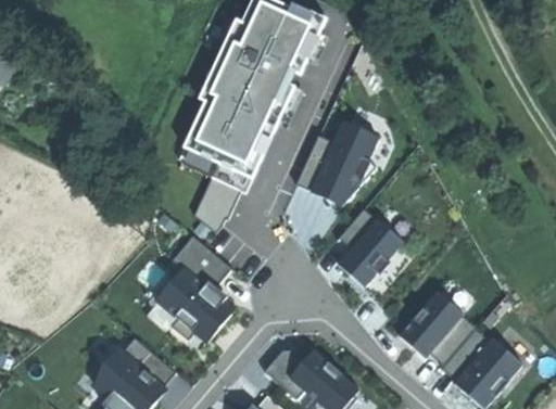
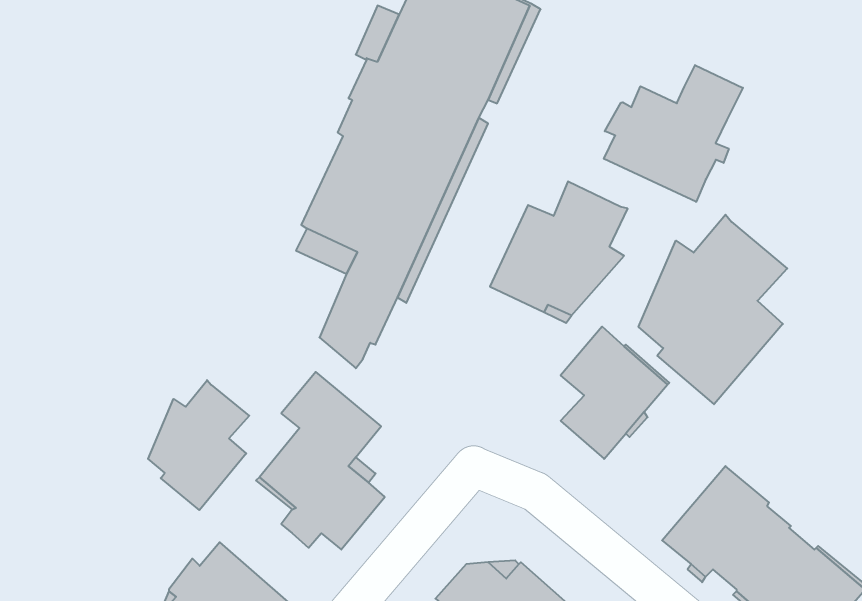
building: none -> [604,65,743,202]
building: none -> [639,215,787,404]
building: none -> [148,380,249,510]

